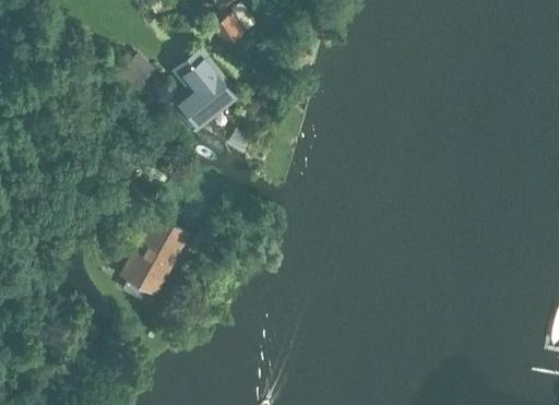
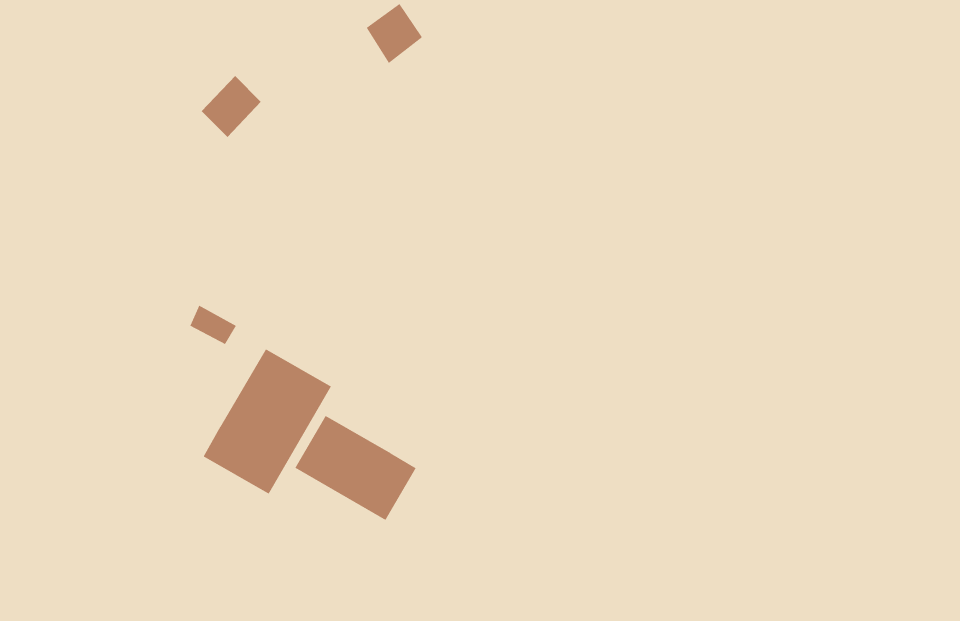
building: [178,60,227,123] -> none
building: none -> [295,415,416,521]

